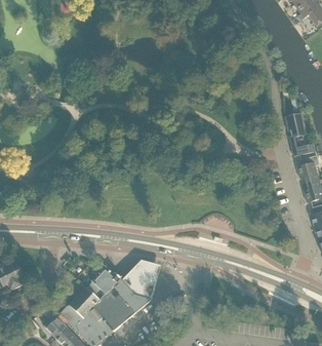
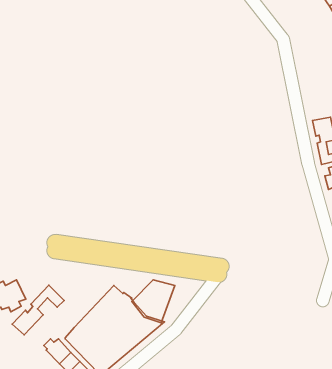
building: none -> [12,285,64,335]

